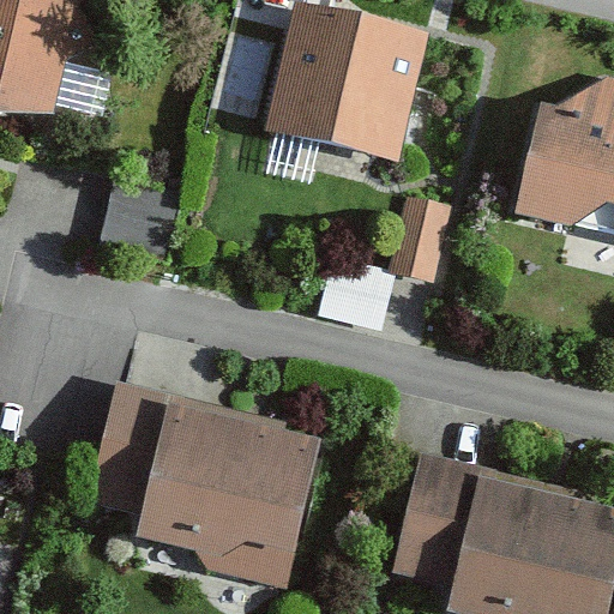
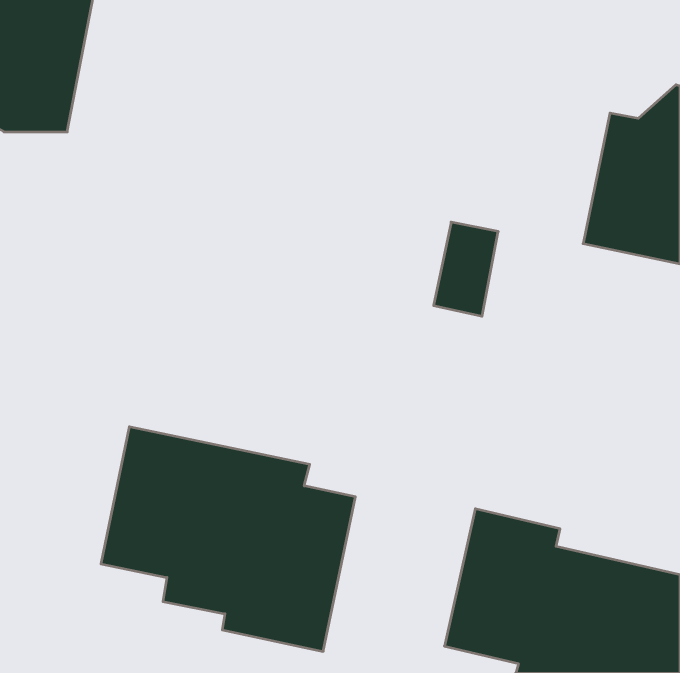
building: [269,7,427,157] -> none

